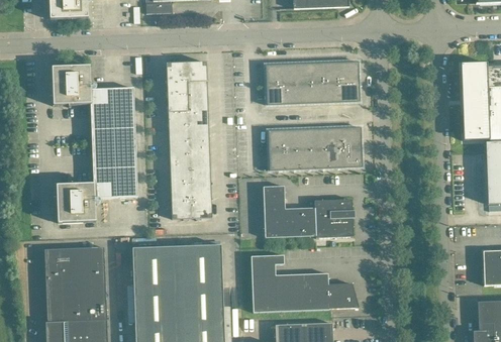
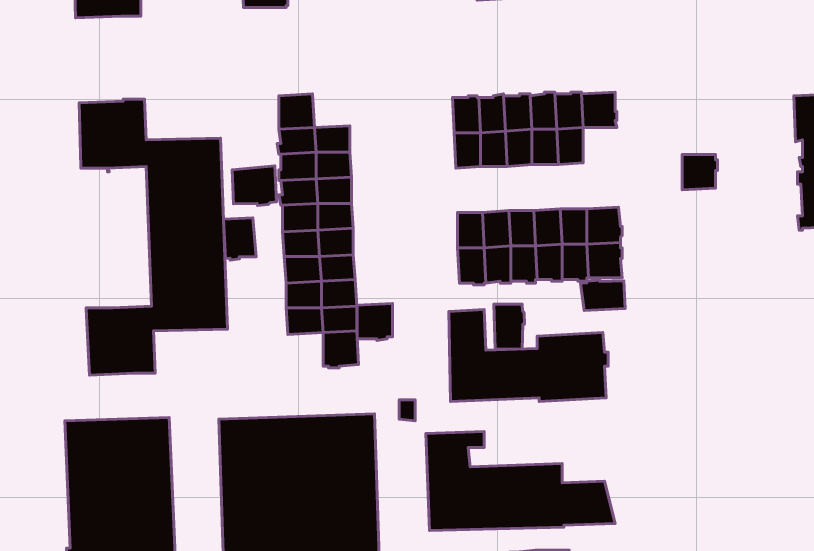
building: [186,61,207,81] -> none
building: [340,81,361,101] -> [682,155,717,190]
building: none -> [232,166,277,206]
building: none -> [224,218,256,260]
building: none -> [581,280,625,311]
building: none -> [494,304,524,349]
building: [172,198,192,219] -> [357,303,393,340]

